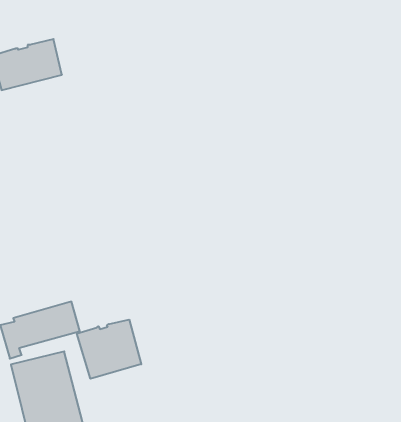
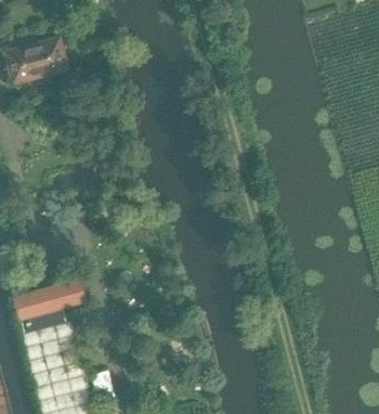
building: [77,320,141,379] -> none

